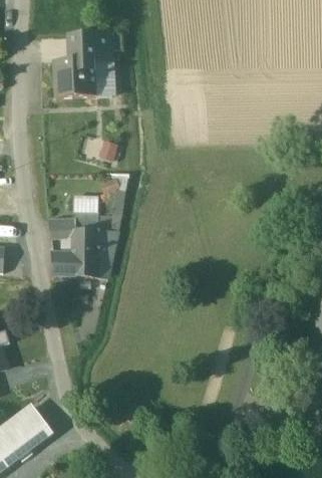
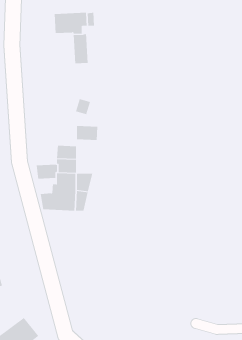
building: [55,57,96,97] -> none

